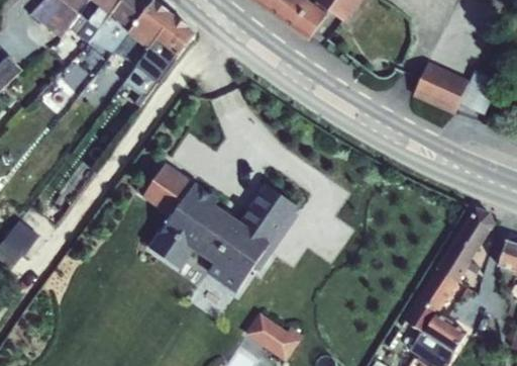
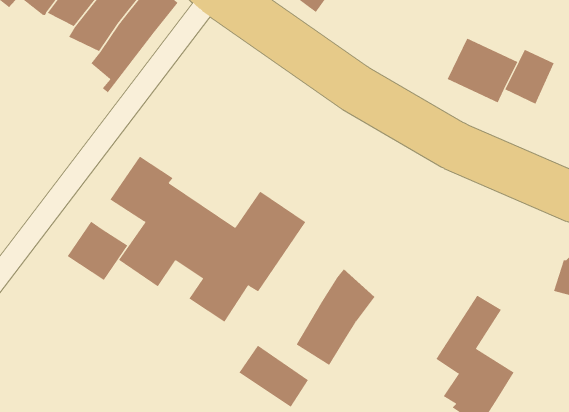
building: [436,206,495,282] -> none
building: none -> [67,221,128,281]
building: none -> [296,269,375,366]

